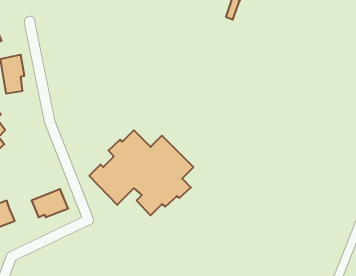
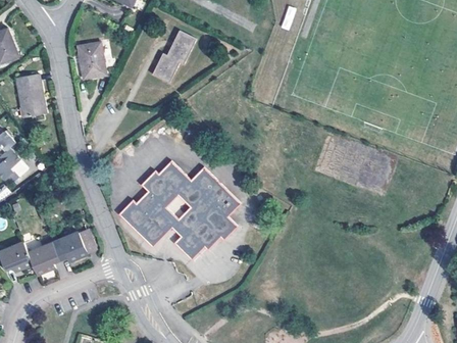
building: none -> [152,31,195,82]
building: none -> [78,41,106,77]
building: none -> [27,241,60,274]

